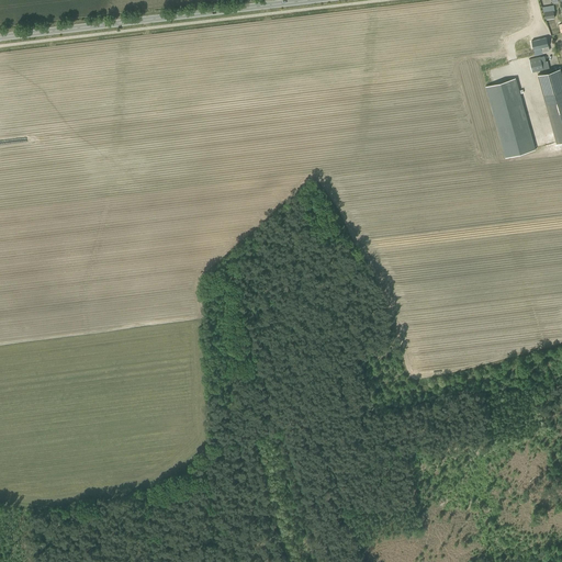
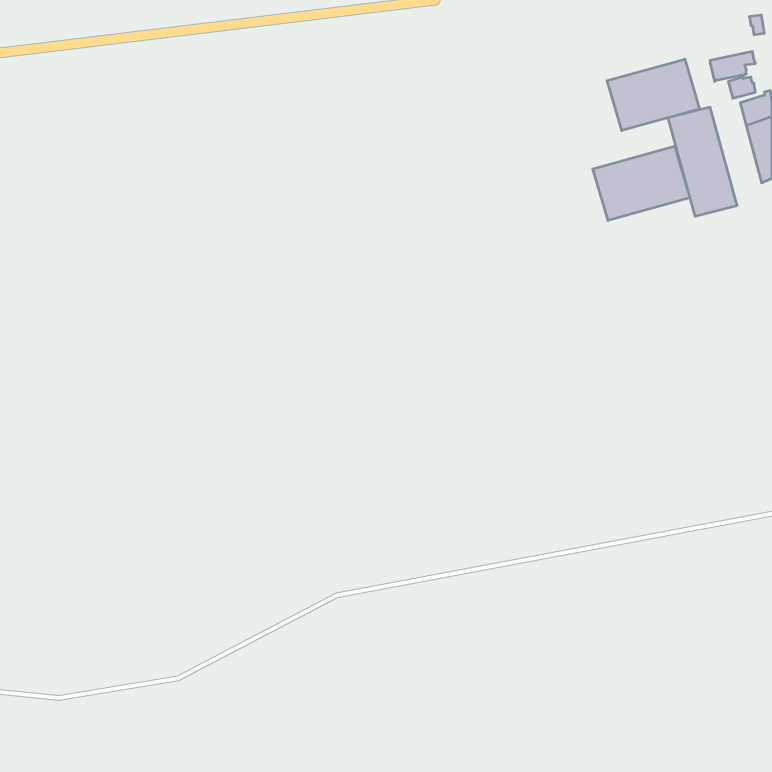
building: none -> [607,59,699,131]
building: none -> [593,146,690,221]

